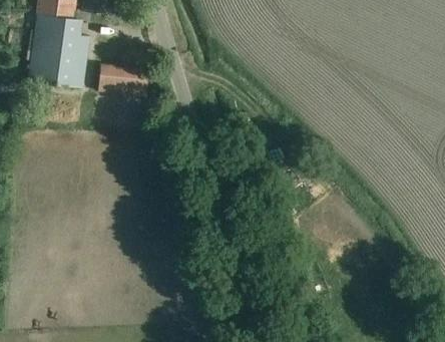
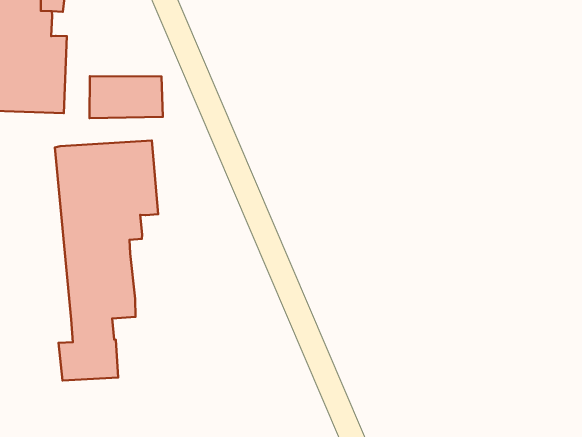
building: none -> [55,140,158,381]

